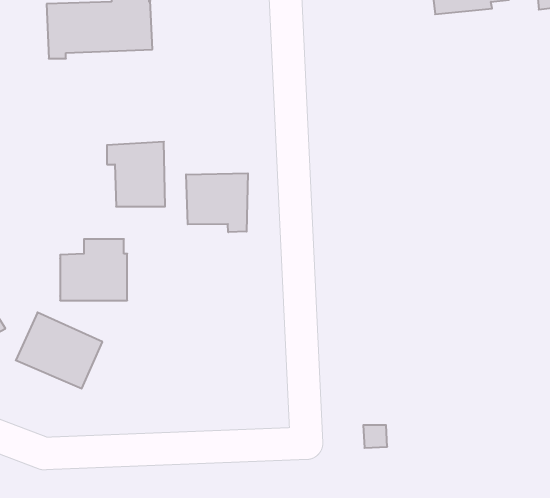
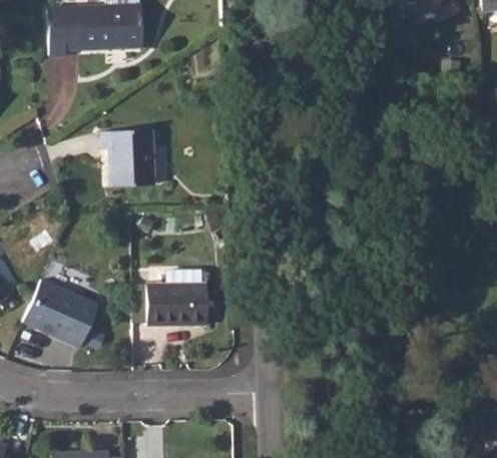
building: [186,173,248,232] -> none
building: [60,239,127,300] -> [147,271,206,325]

